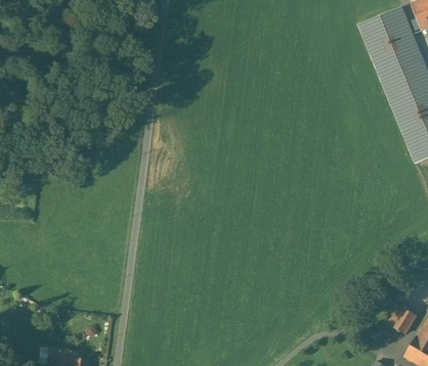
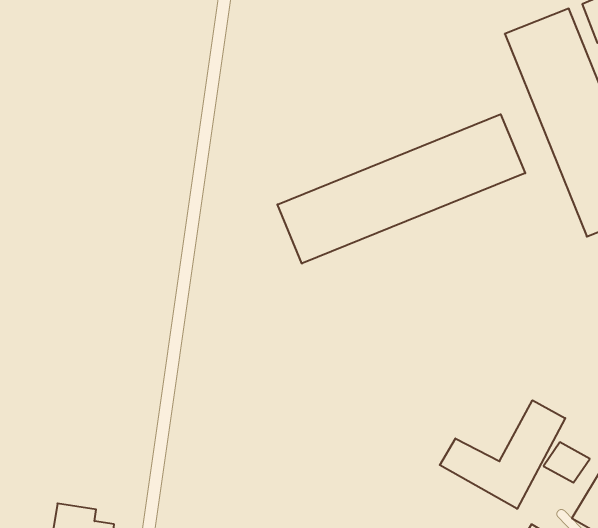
building: none -> [277,114,525,264]
building: none -> [440,400,565,509]

